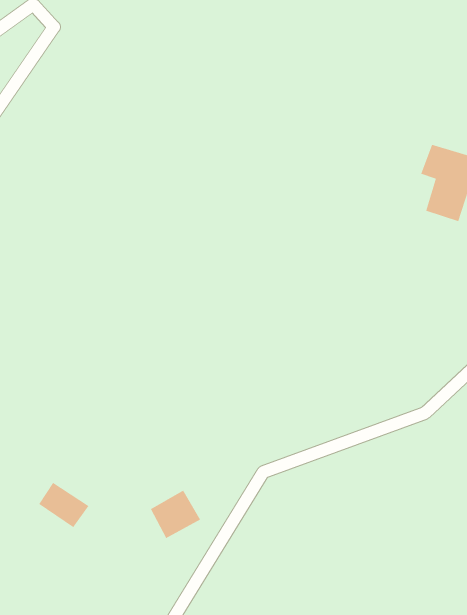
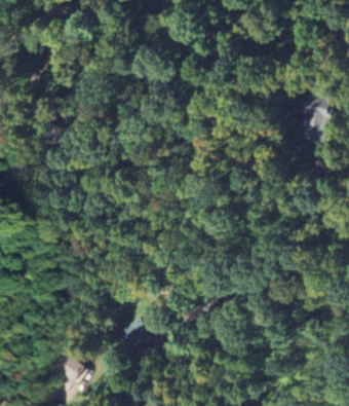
building: [38,482,89,528] -> [52,352,85,381]

